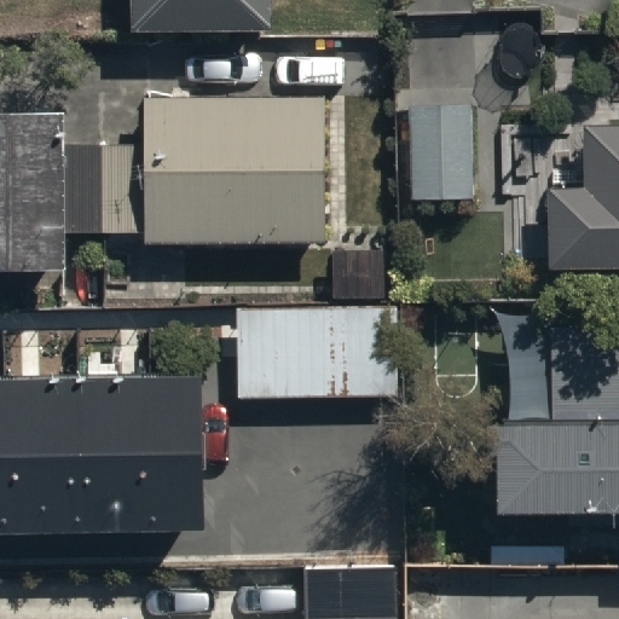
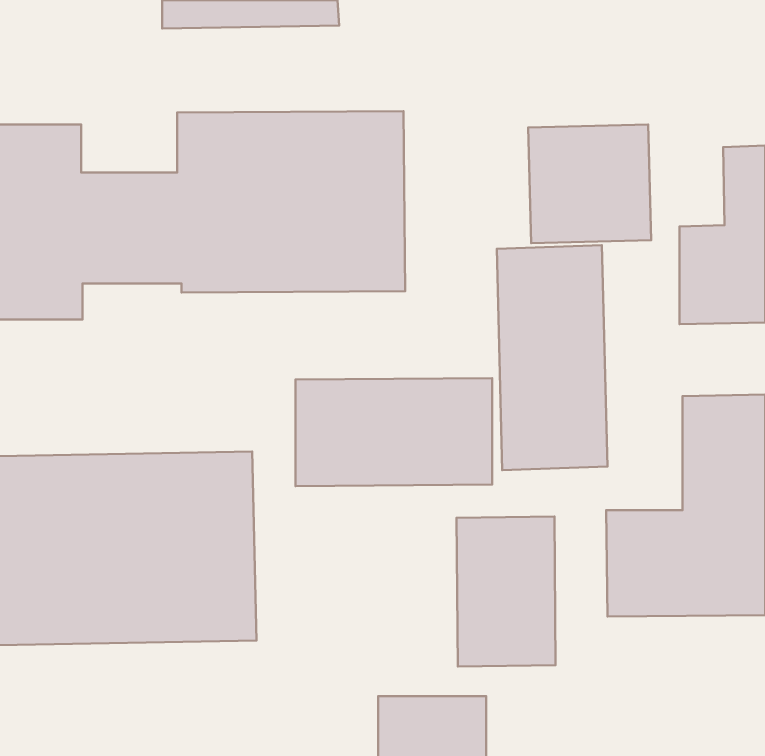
building: none -> [497,245,607,470]
building: none -> [457,516,556,666]

